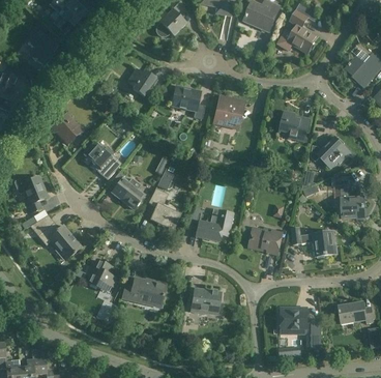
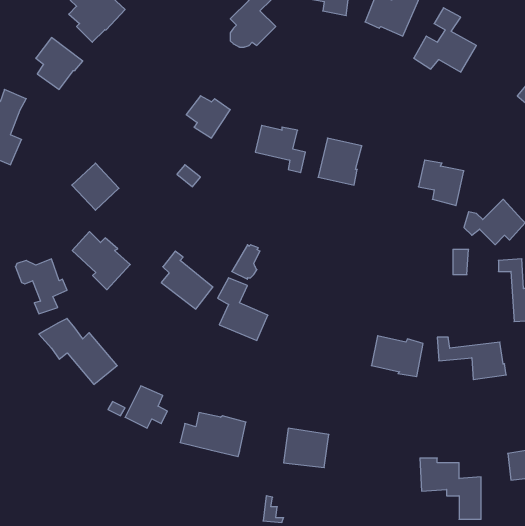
building: [84,141,122,179] -> [72,232,130,290]
building: [195,209,233,241] -> none

